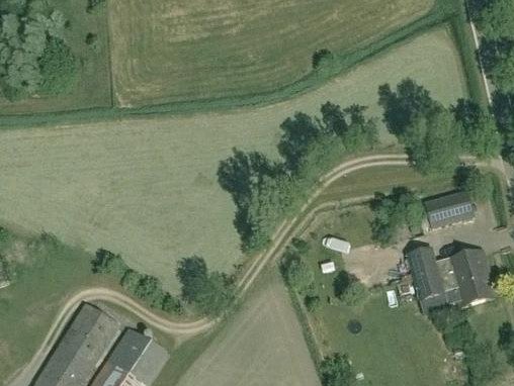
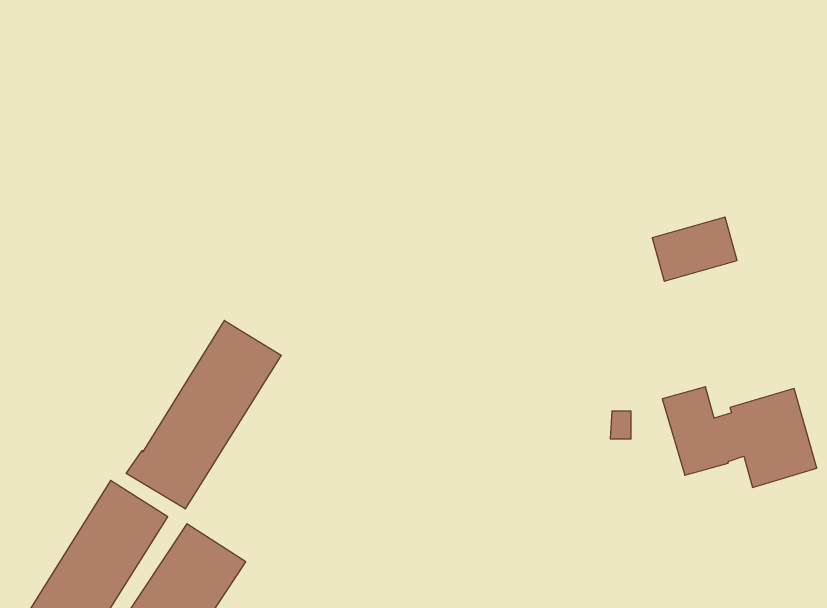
building: [426,191,476,228] -> [652,217,737,281]
building: none -> [126,320,281,509]

